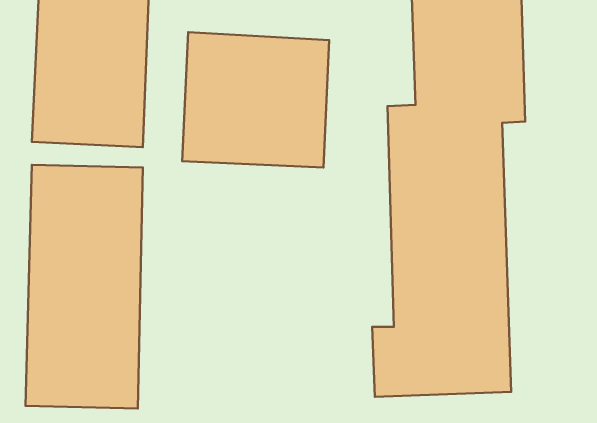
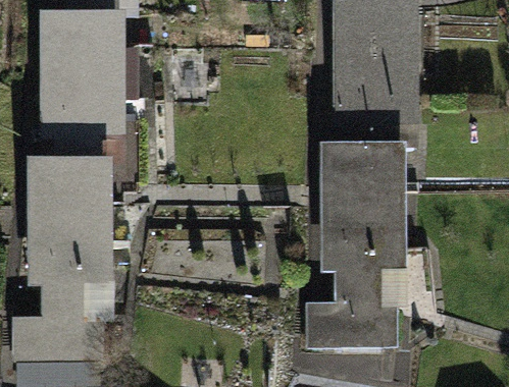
building: [182,32,329,167] -> none

